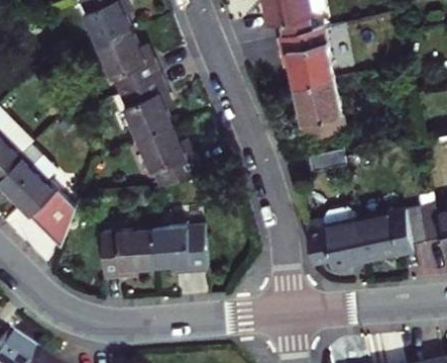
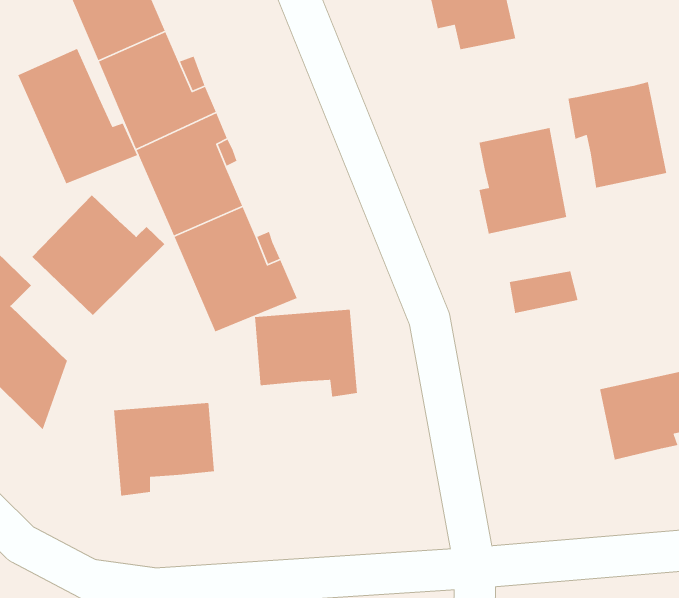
building: [282,29,335,87] -> [567,81,667,189]
building: none -> [17,48,138,185]
building: none -> [32,194,165,316]
building: [312,203,369,265] -> none
building: [152,222,208,270] -> [254,309,358,397]

